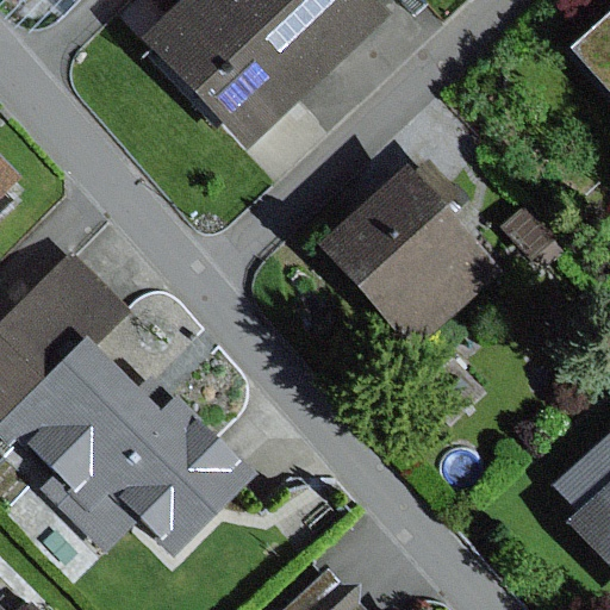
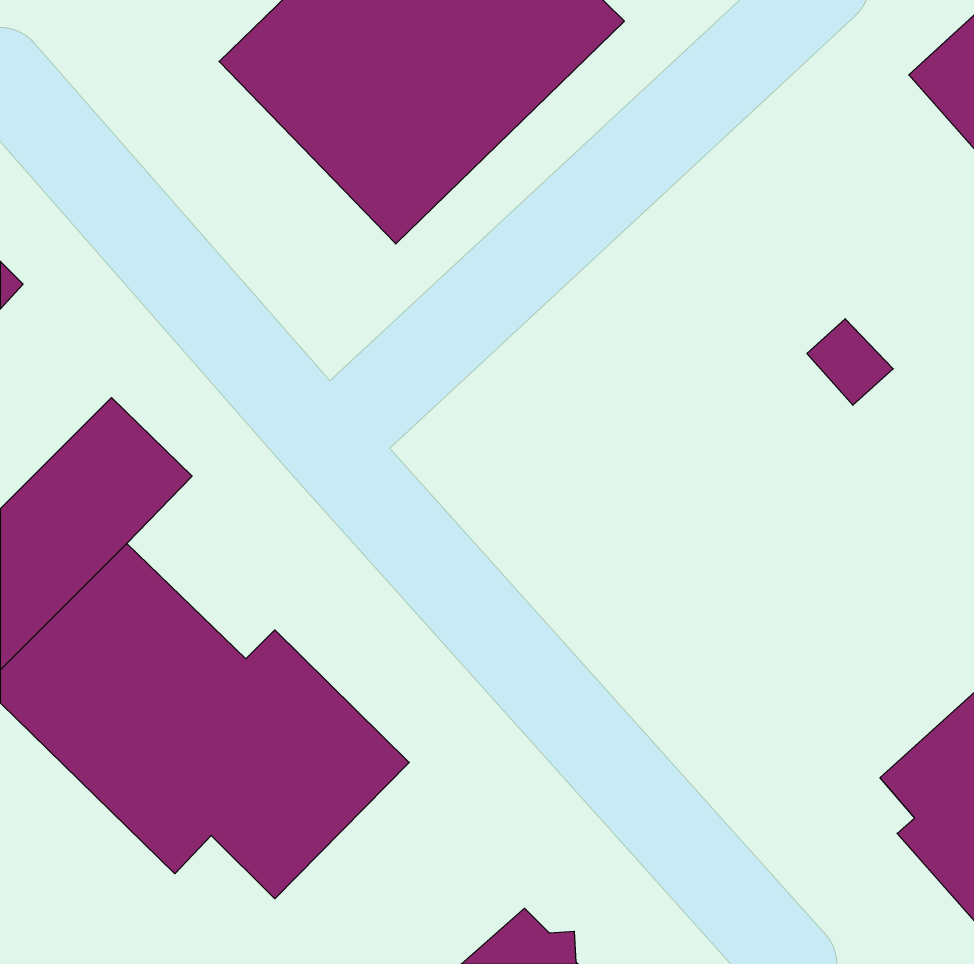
building: [315,163,502,350] -> none

